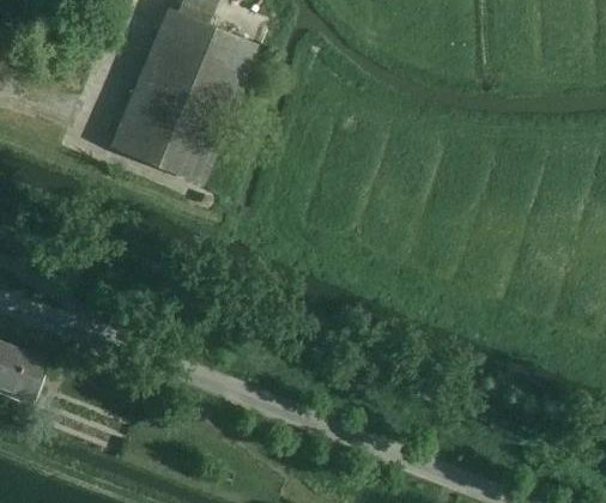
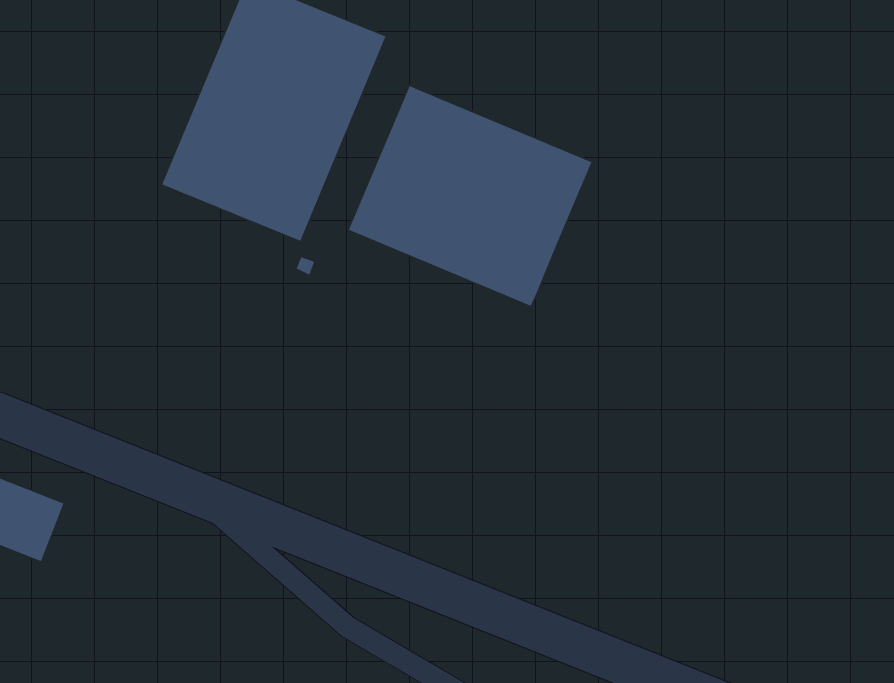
building: none -> [348,85,592,307]

